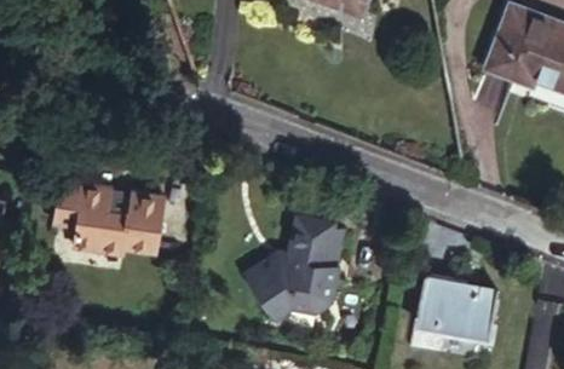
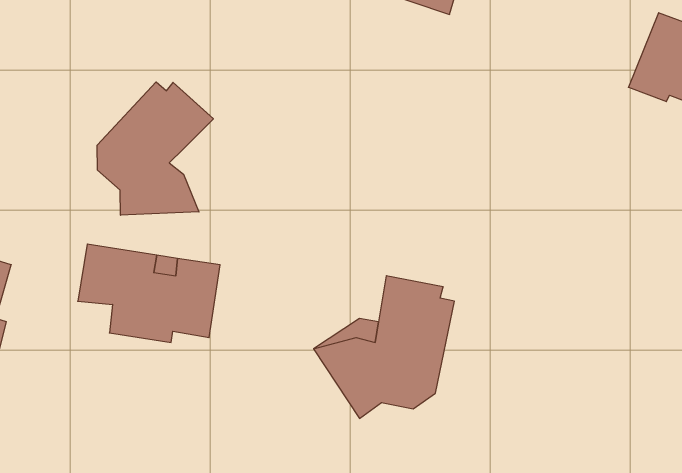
building: none -> [97,82,213,215]
building: [419,267,501,338] -> none

